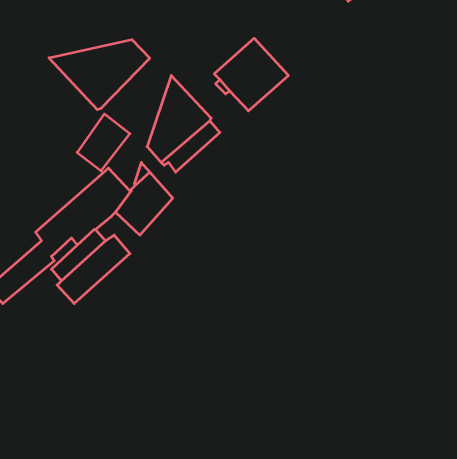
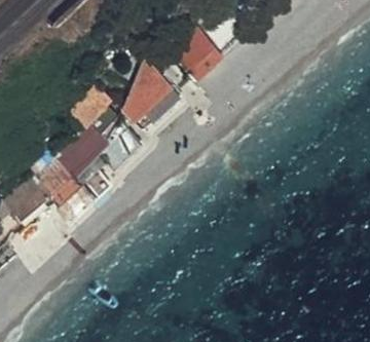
building: [49,40,150,110] -> none

